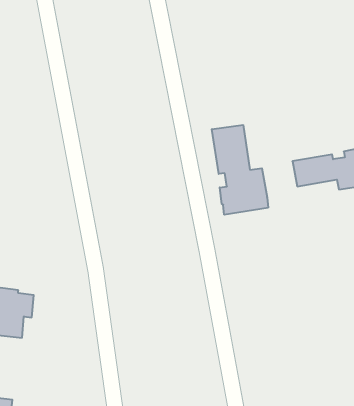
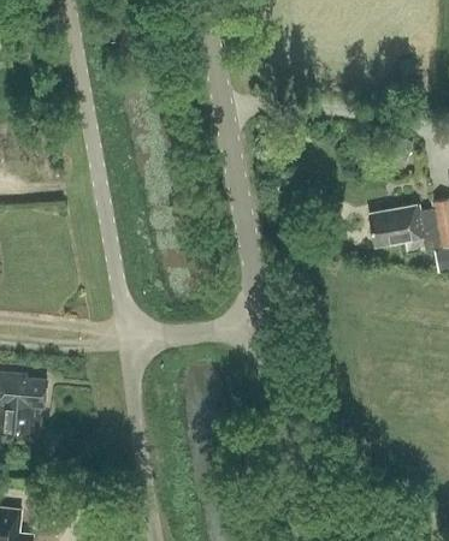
building: [212,125,268,215] -> none

